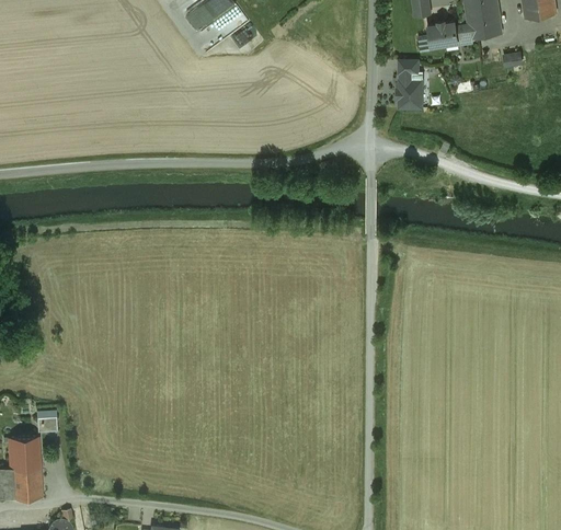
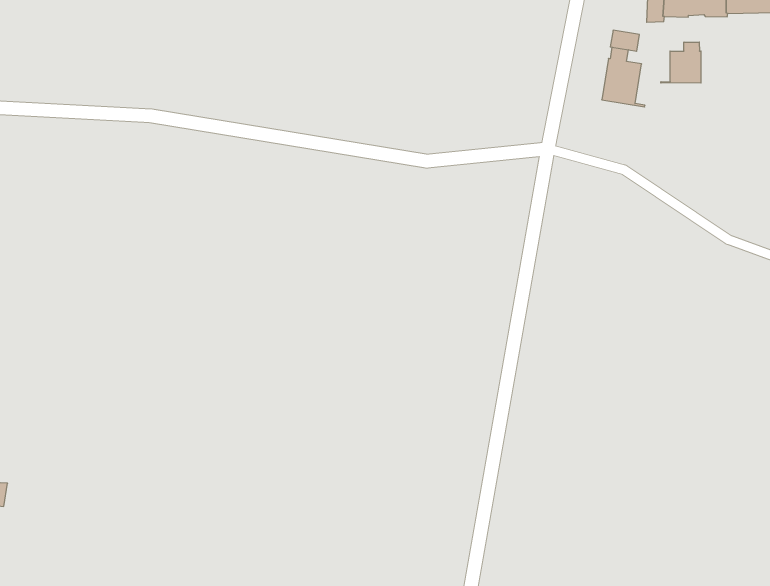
building: none -> [661,42,701,83]

